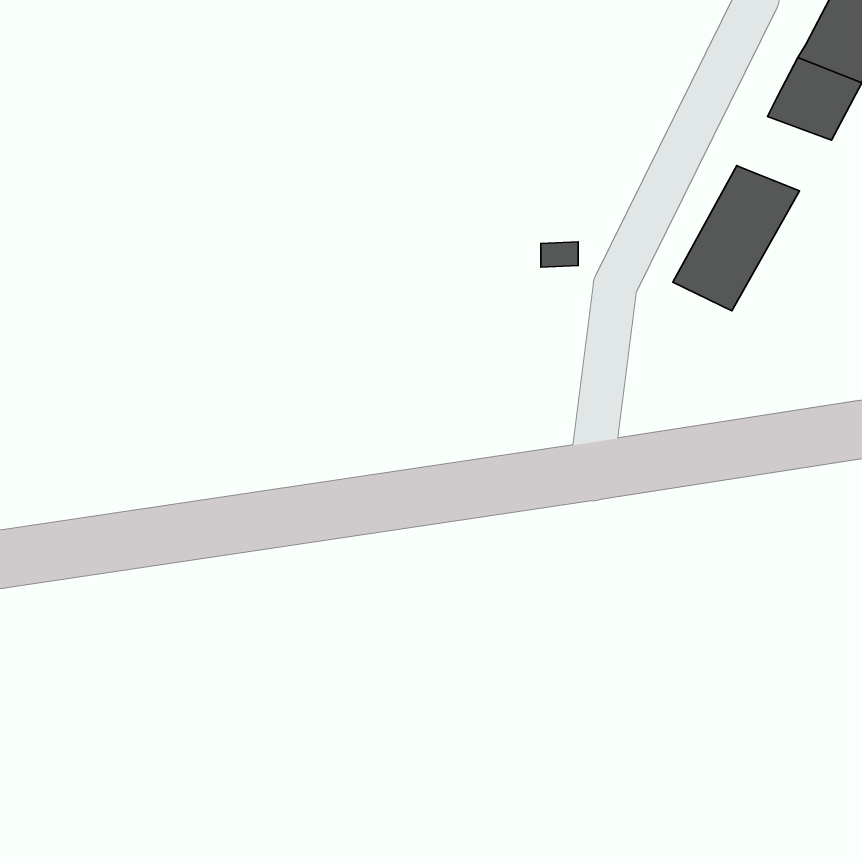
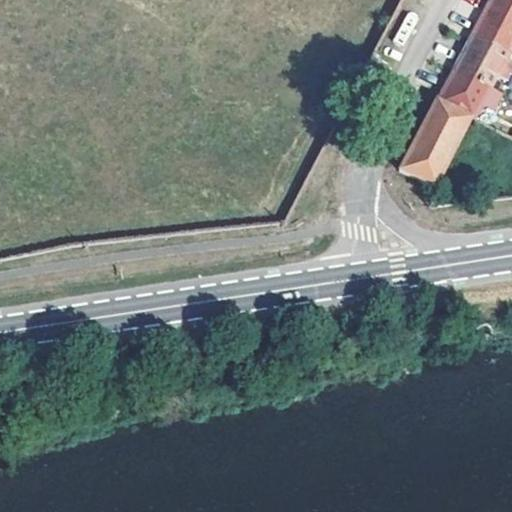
building: none -> [439,69,493,113]

